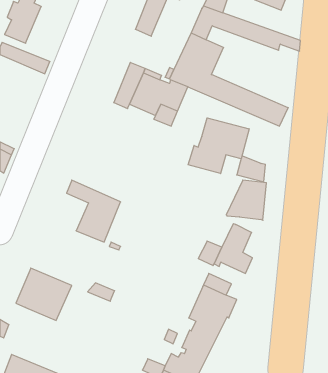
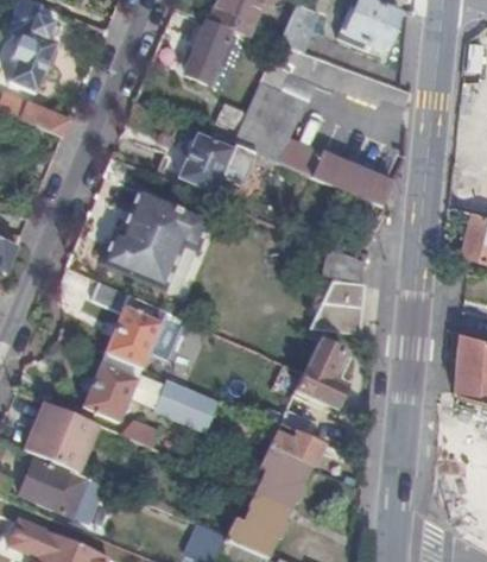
building: none -> [101,189,209,289]
building: [188,118,249,174] -> none
building: none -> [82,351,143,422]
building: none -> [154,379,216,430]
building: none -> [19,455,101,517]

